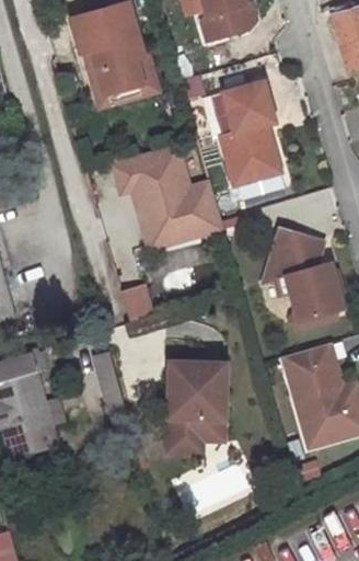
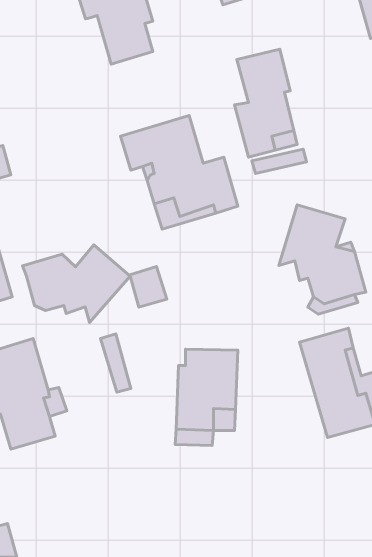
building: [85,49,160,107] -> none
building: none -> [22,245,130,322]

